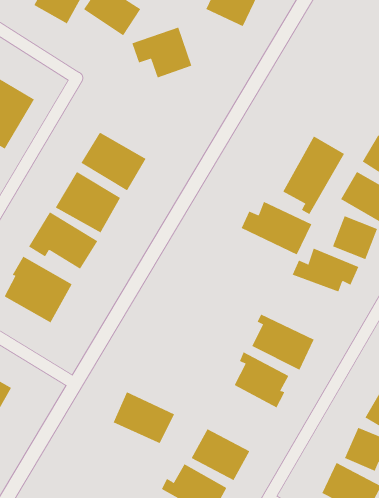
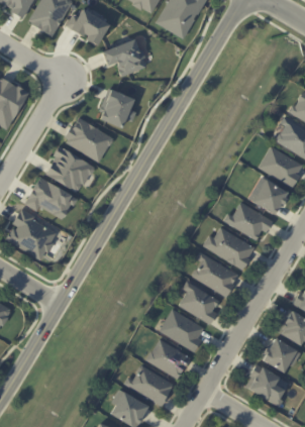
building: none -> [98,89,134,127]
building: [282,135,345,215] -> none
building: [241,201,312,255] -> [202,228,256,269]
building: [113,391,175,444] -> [160,310,206,349]

